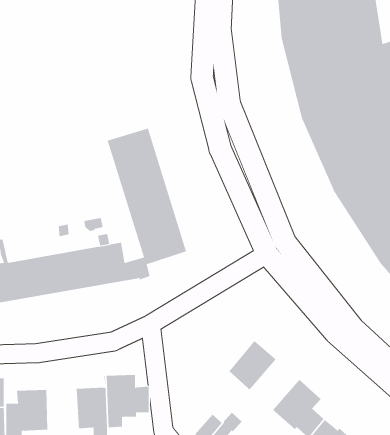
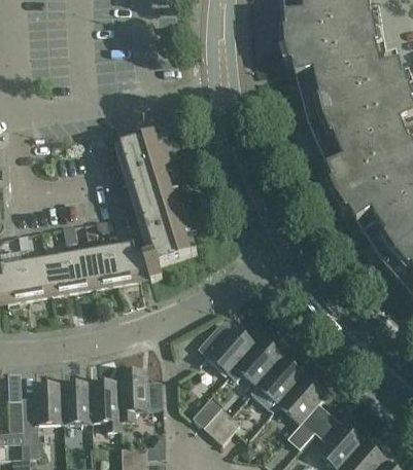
building: none -> [198,321,255,373]
building: none -> [257,355,305,403]
building: none -> [62,383,92,423]

